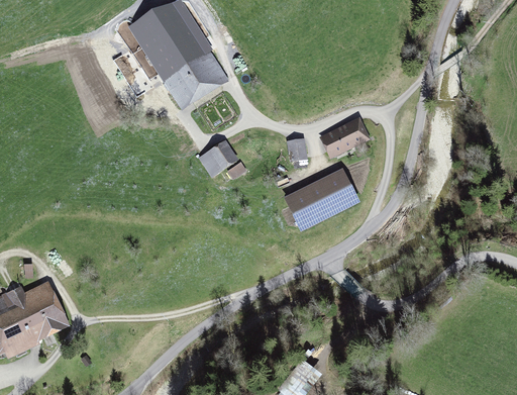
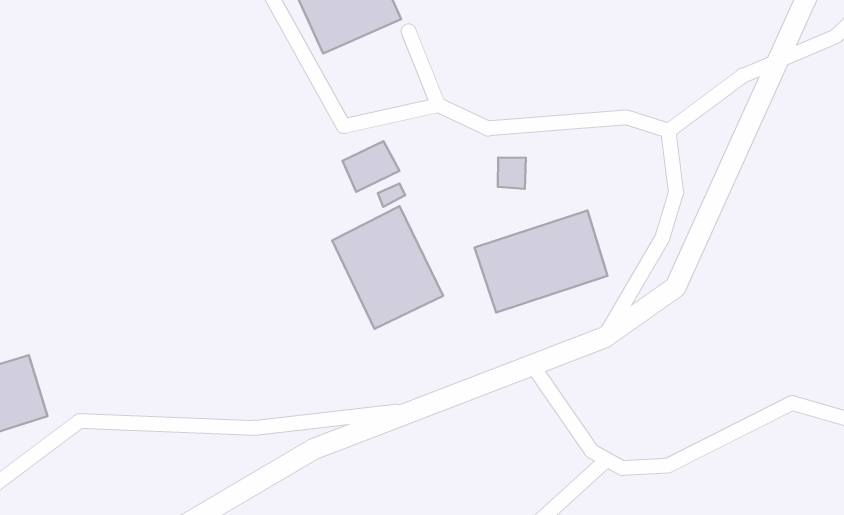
building: [324,122,368,154] -> none
building: none -> [332,206,443,329]

